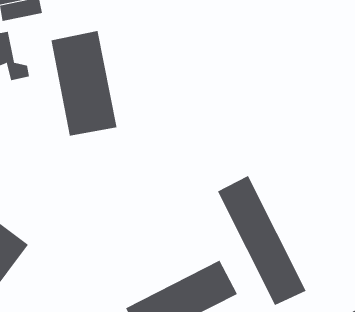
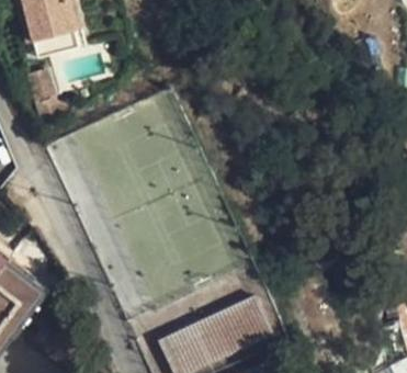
building: [51,30,117,137] -> none
building: [217,175,307,306] -> none

